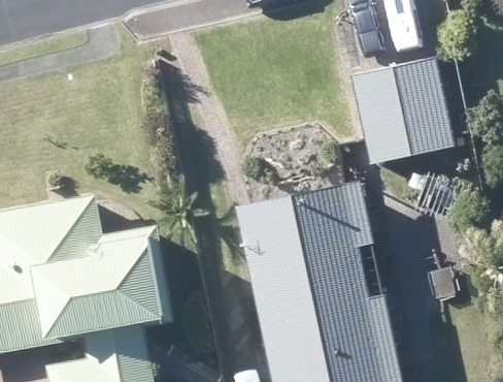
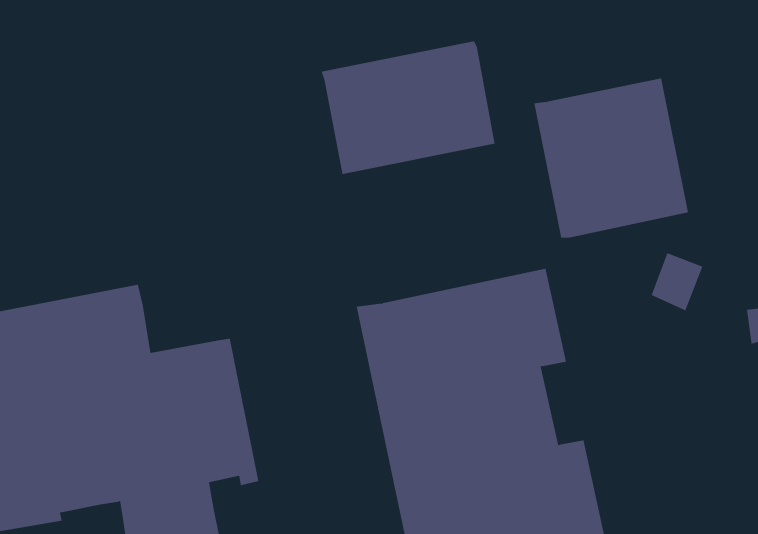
building: none -> [321,40,495,175]

